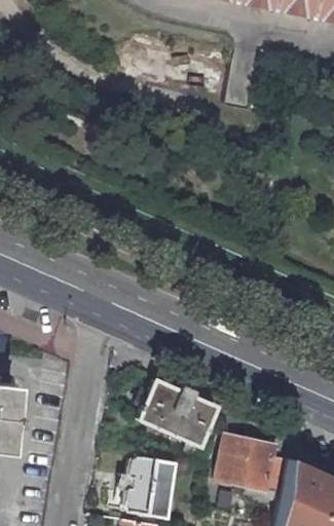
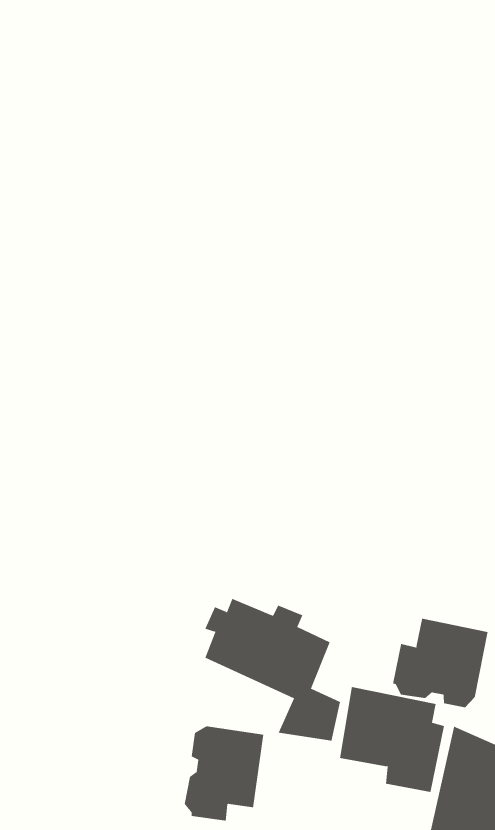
building: none -> [393,618,488,708]

